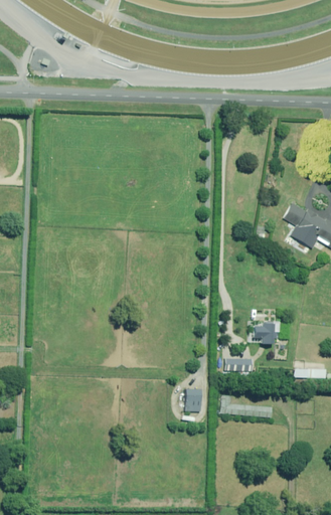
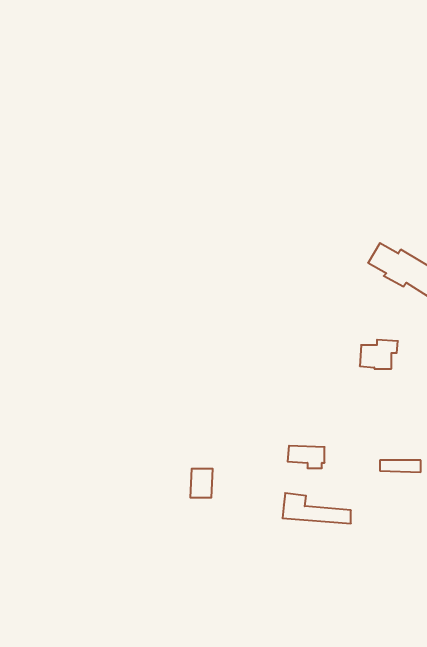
building: [246,321,276,343] -> [360,340,398,369]
building: [182,388,199,410] -> [190,469,213,498]

